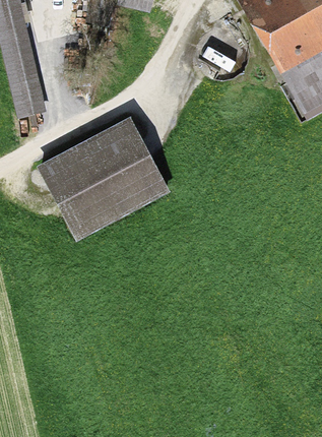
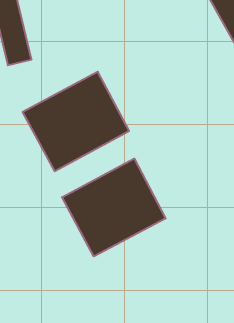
building: none -> [62,159,166,256]

